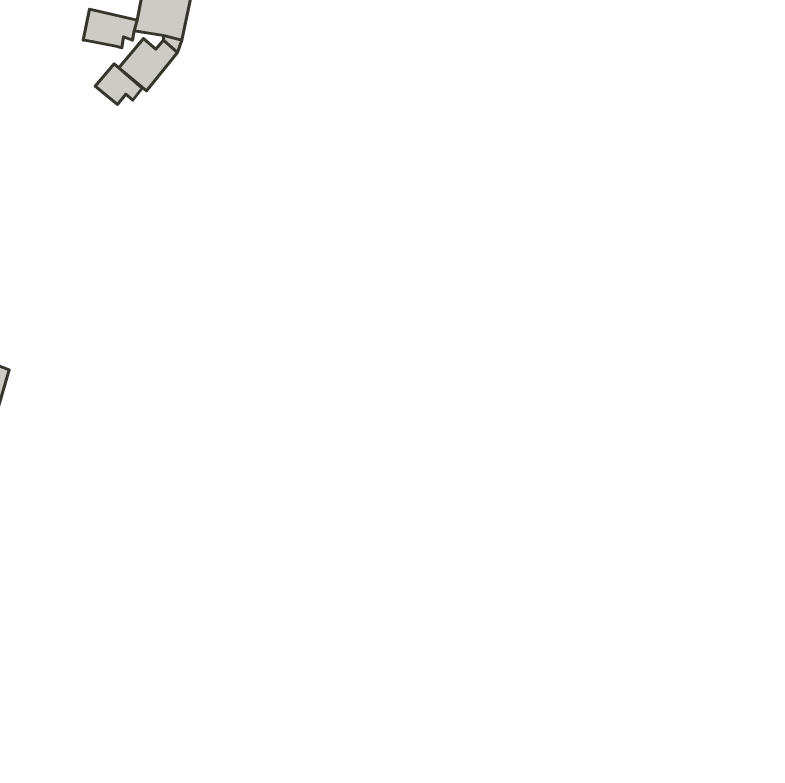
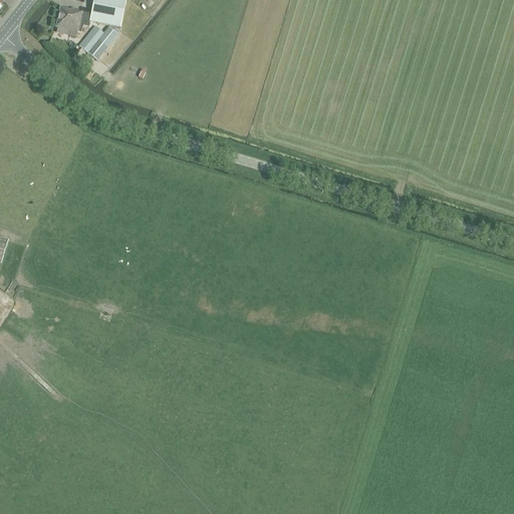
building: [95,64,142,105] -> none

